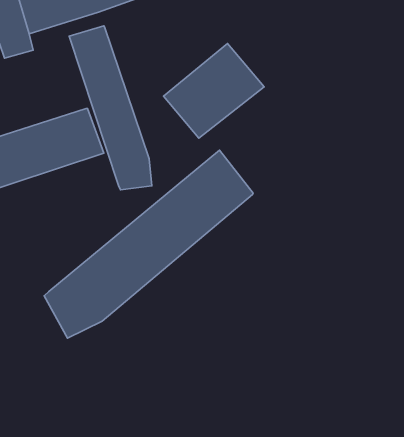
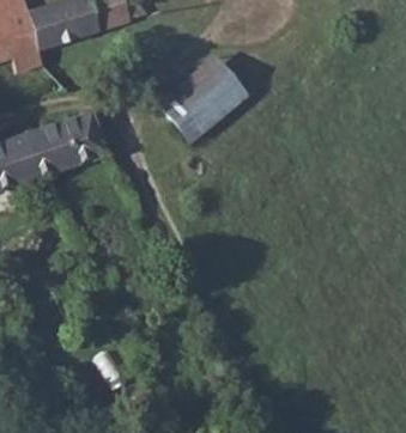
building: [69,26,152,190] -> none
building: [44,150,253,338] -> none

